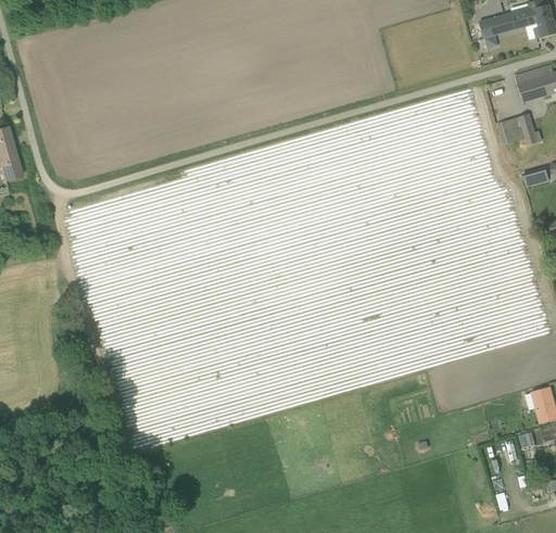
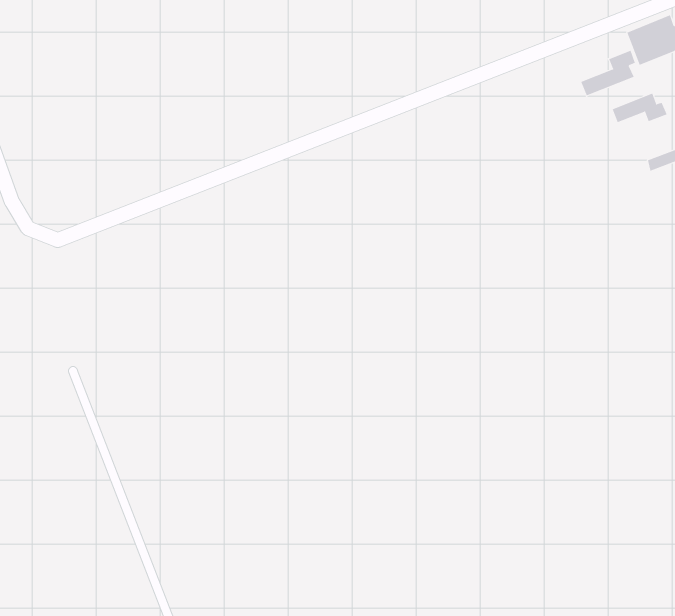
building: none -> [581,50,635,96]

